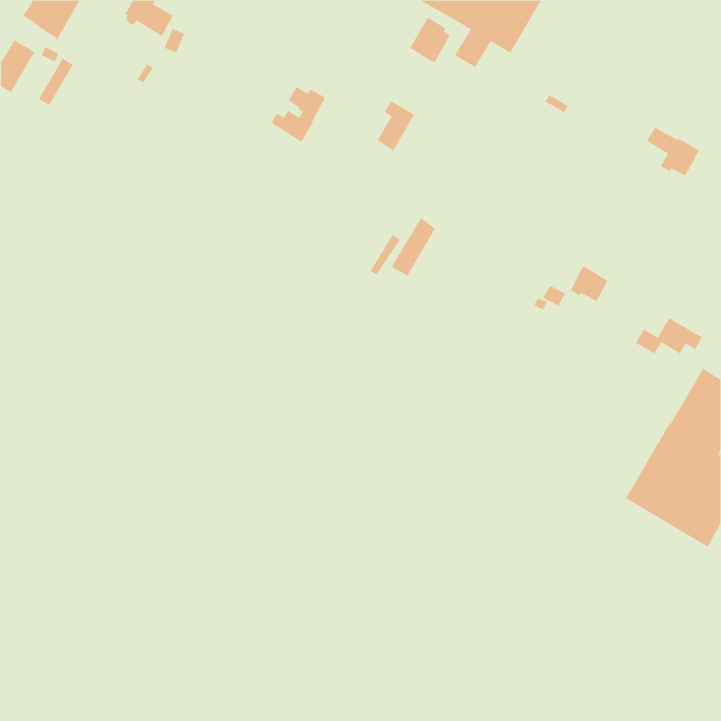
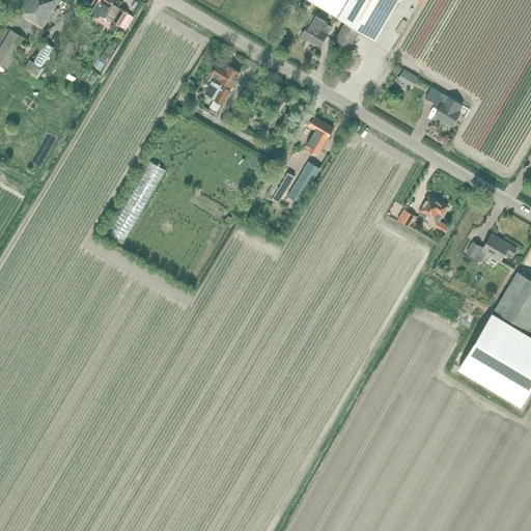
building: [377,101,415,151] -> [305,117,333,155]
building: [646,127,700,176] -> [424,87,464,123]

